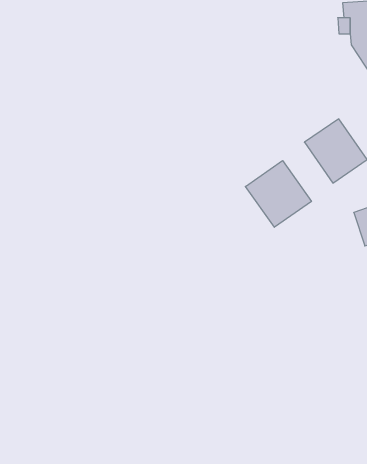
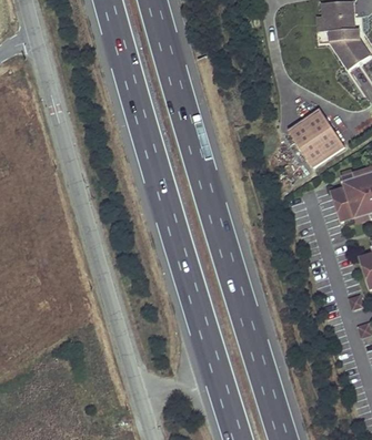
building: [245,161,311,227] -> none

